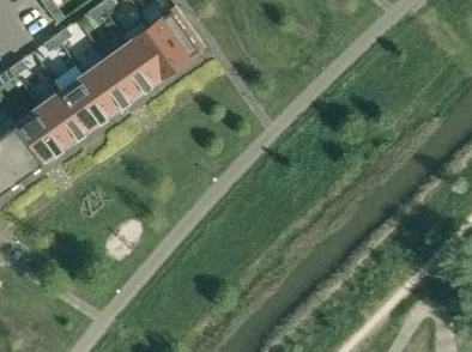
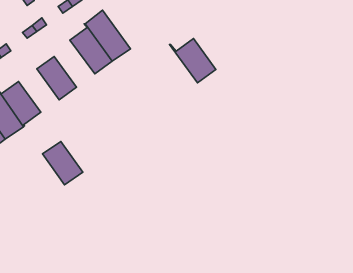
building: [143,11,200,66] -> [170,39,216,83]
building: [83,55,133,114] -> none
building: [38,91,89,145] -> [43,141,83,185]

